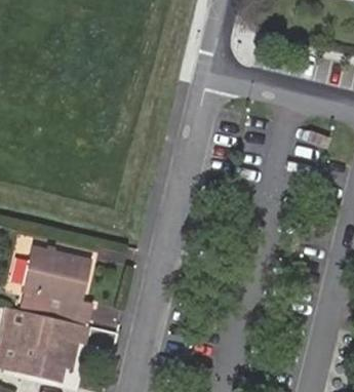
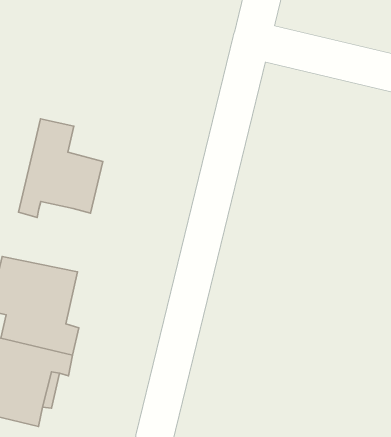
building: none -> [19,119,103,218]

